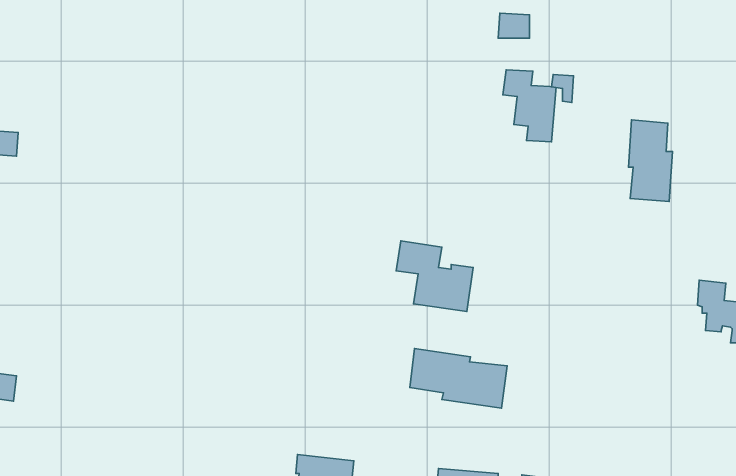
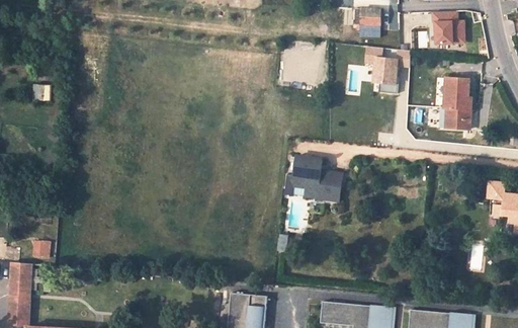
building: none -> [432,10,463,43]
building: none -> [285,174,308,196]
building: [410,349,507,408] -> none

